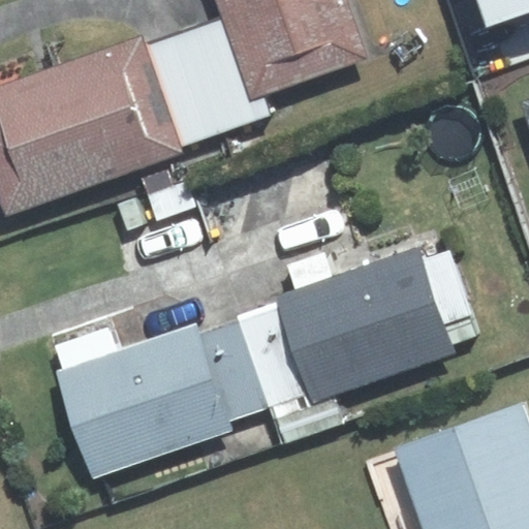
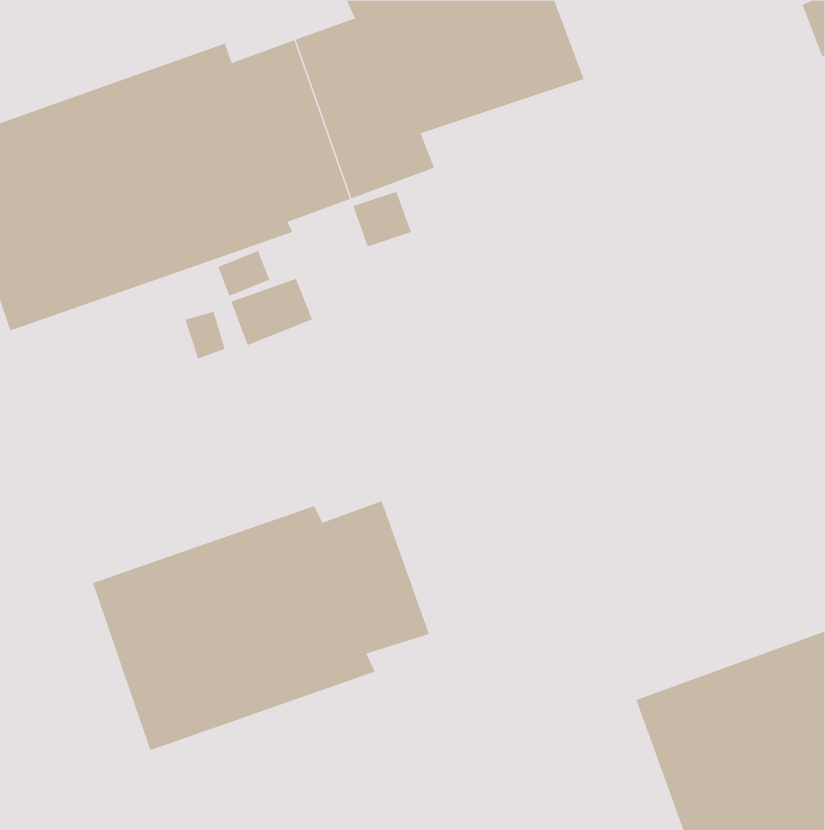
building: [240,245,455,405] -> none

